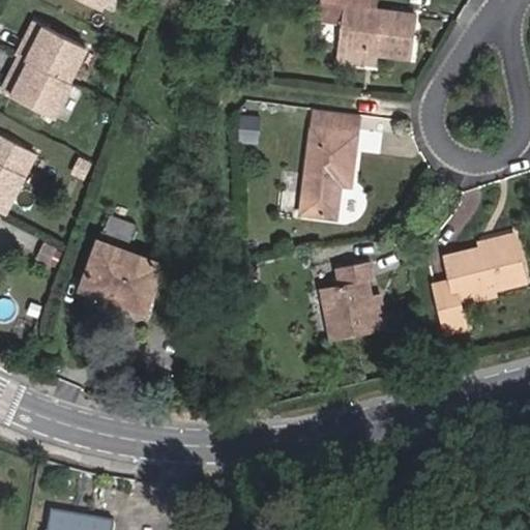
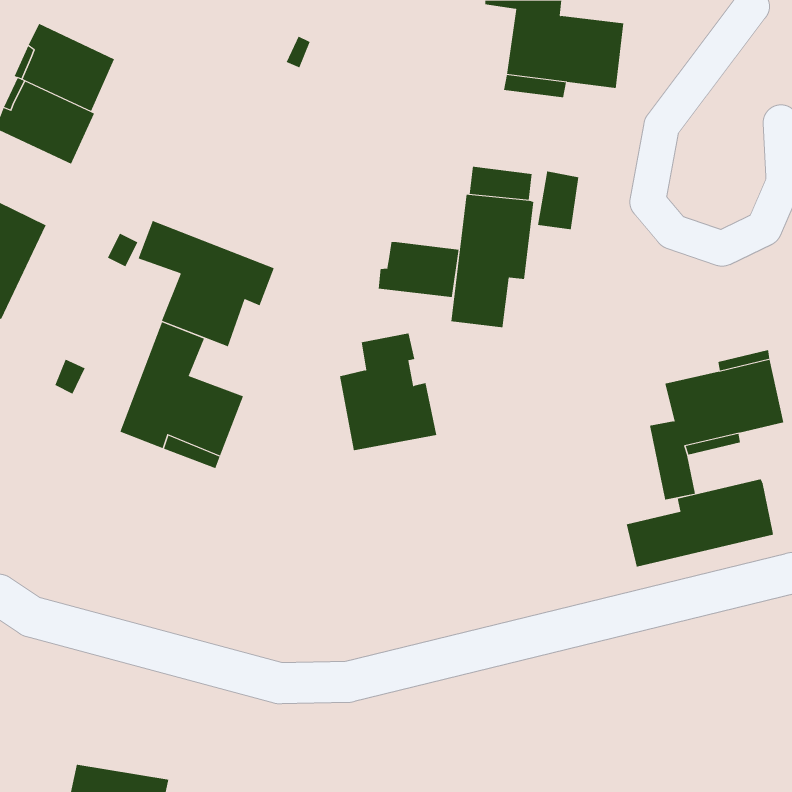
building: none -> [138,220,274,347]
building: none -> [378,241,459,298]
building: [321,262,386,341] -> [339,333,437,451]
building: none -> [626,479,774,567]

